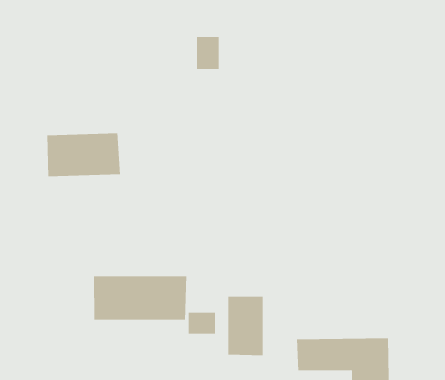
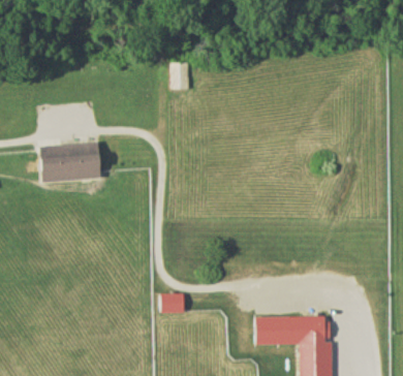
building: [94,276,187,320] -> none
building: [228,296,263,356] -> none

